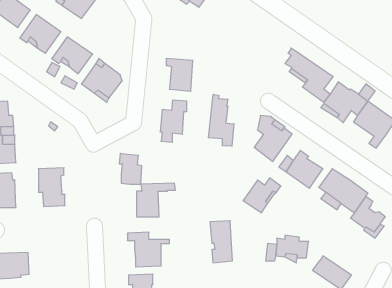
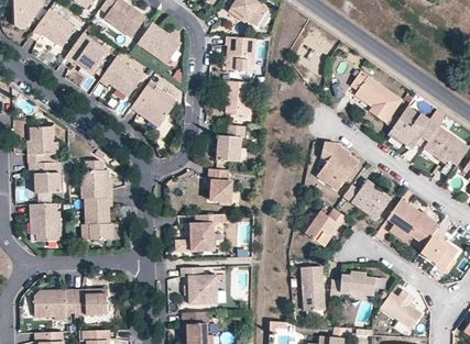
building: none -> [138,23,182,64]
building: none -> [222,36,255,71]
building: [208,94,234,146] -> none
building: none -> [80,160,112,199]
building: [119,153,142,184] -> [208,168,232,201]
building: [210,221,232,263] -> [300,266,325,311]
building: none -> [74,289,107,314]

